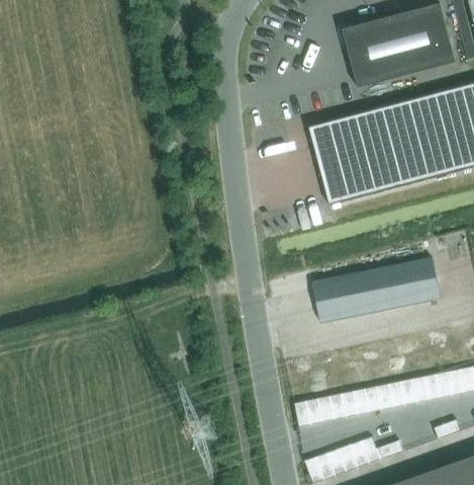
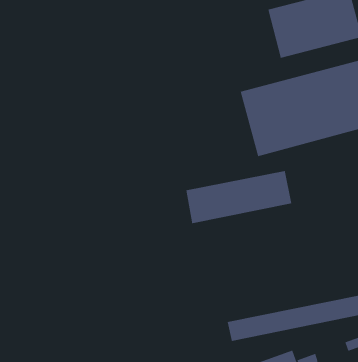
building: [314,257,442,321] -> [186,171,292,224]

